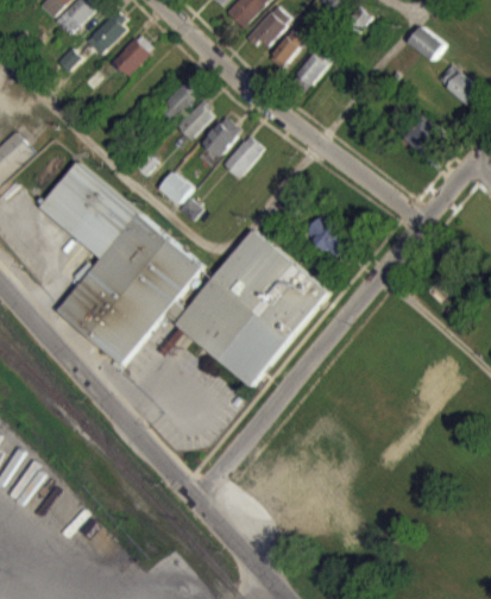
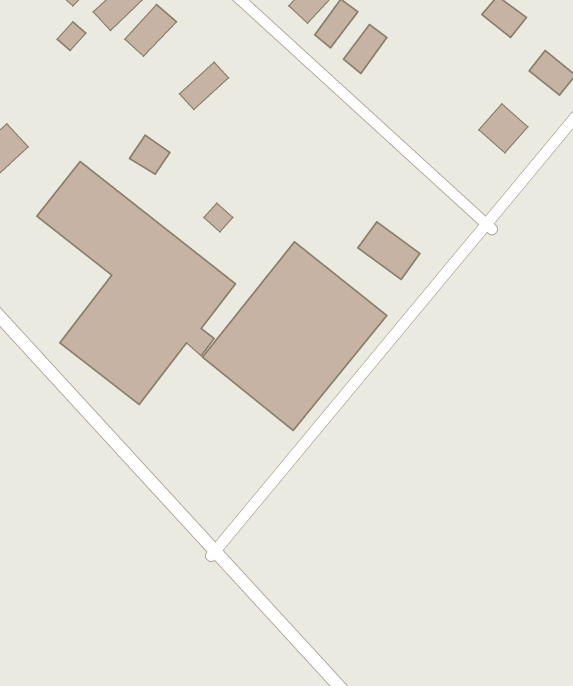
building: [177,101,214,139] -> none
building: [201,116,240,157] -> none
building: [222,135,263,177] -> none
building: [158,171,191,203] -> [129,135,170,174]

